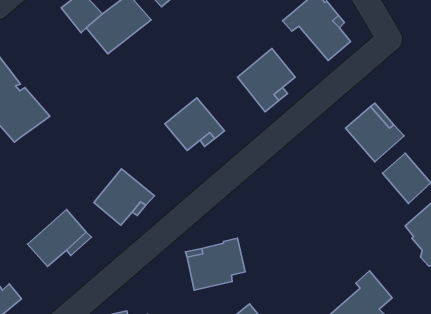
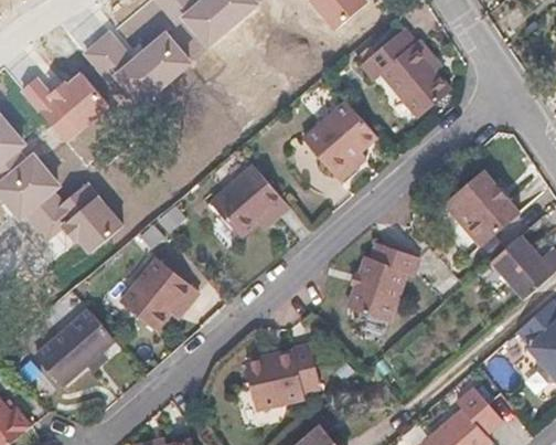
building: none -> [21,71,111,145]
building: none -> [26,179,122,256]
building: none -> [353,244,420,321]

